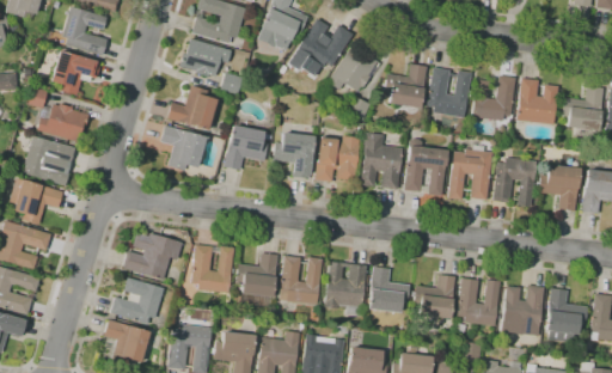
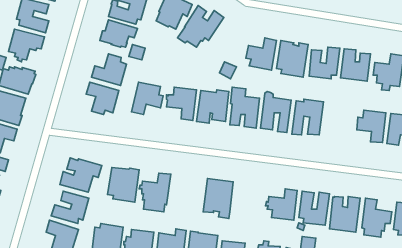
building: [328,44,378,92] -> none
building: [492,158,537,207] -> none
building: [279,256,323,305] -> none
building: [368,267,409,313] -> none

